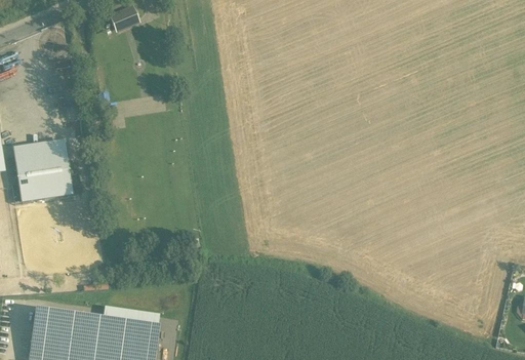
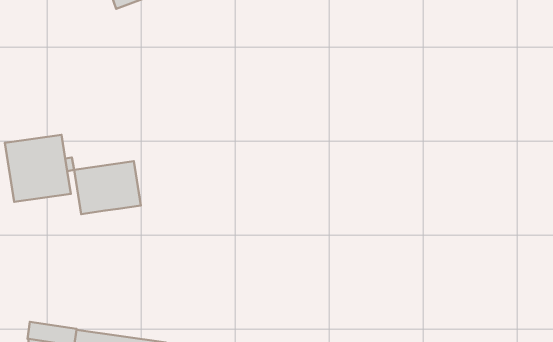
building: none -> [74,161,141,214]

